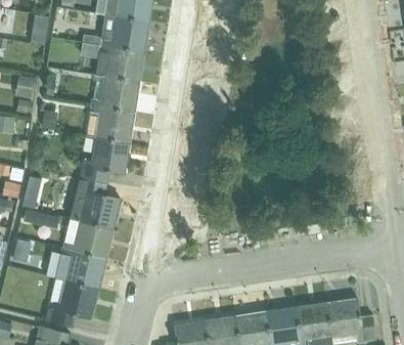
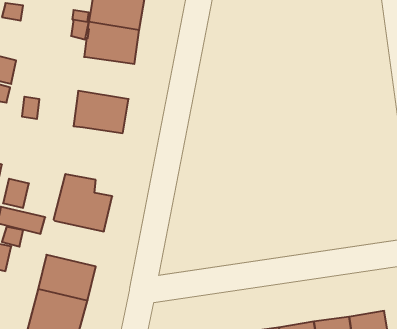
building: [90,76,139,113] -> none
building: [79,137,129,183] -> none
building: [62,219,113,259] -> none

